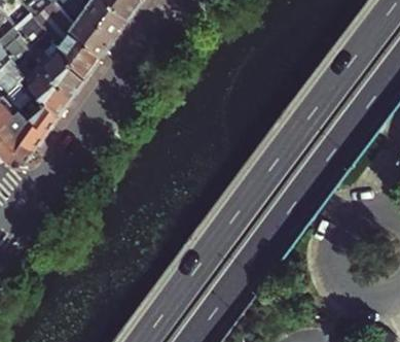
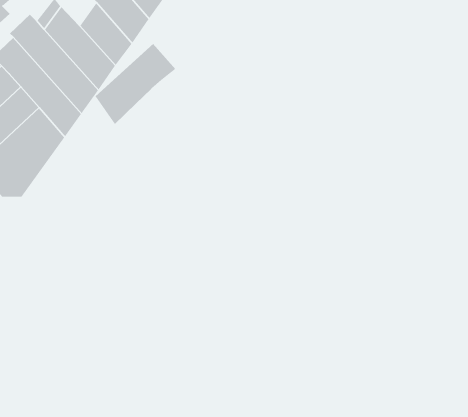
building: none -> [95,43,176,125]

